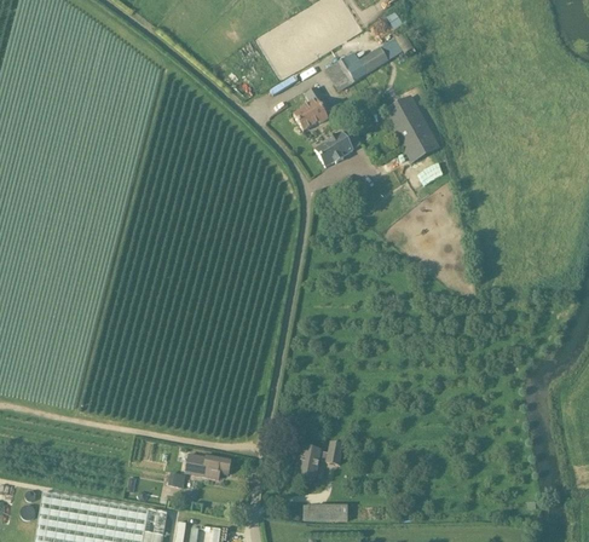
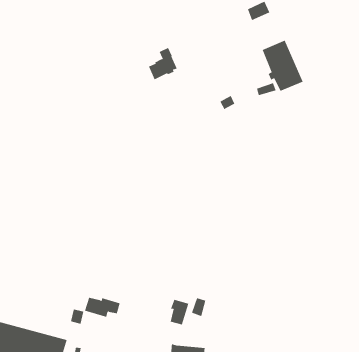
building: [327,57,366,91] -> none
building: [294,87,333,132] -> [148,47,178,80]
building: [314,133,353,167] -> none

